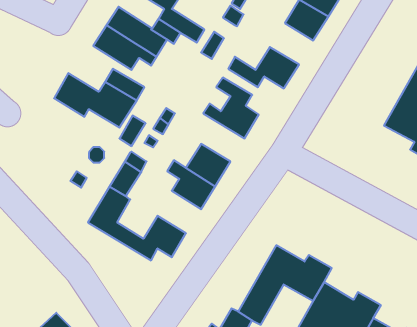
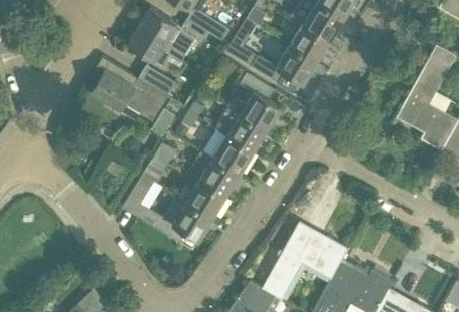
building: none -> [290,23,330,61]
building: none -> [215,106,267,150]
building: none -> [178,178,226,217]

